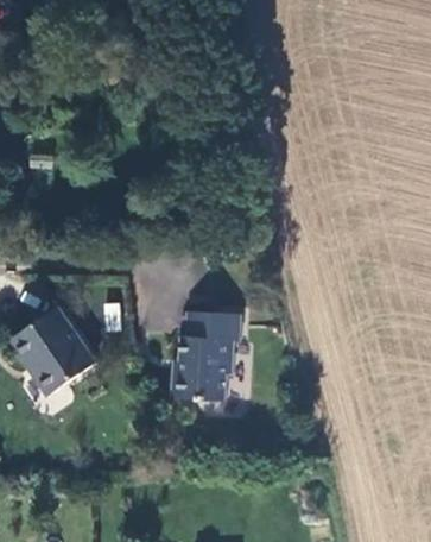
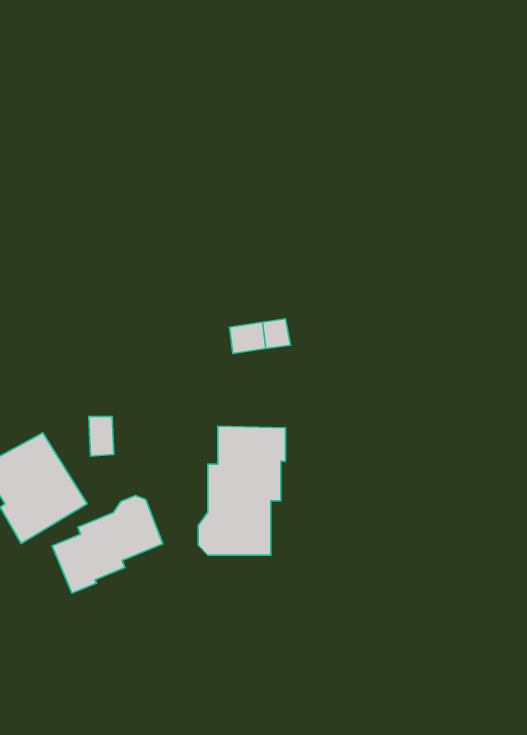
building: none -> [52,495,163,593]

